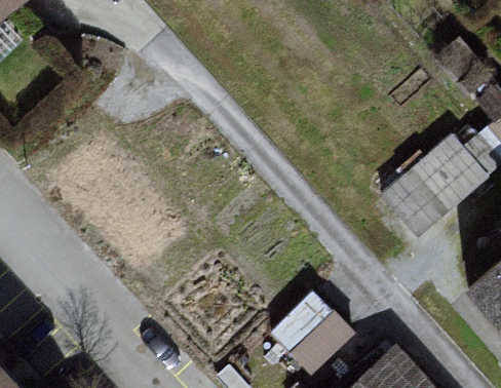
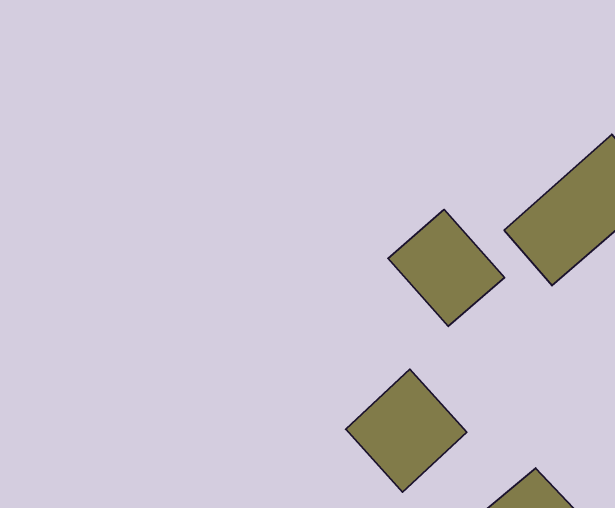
building: none -> [388,210,504,326]

